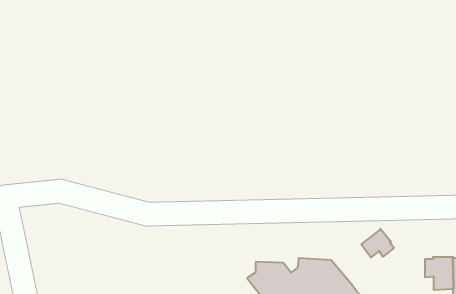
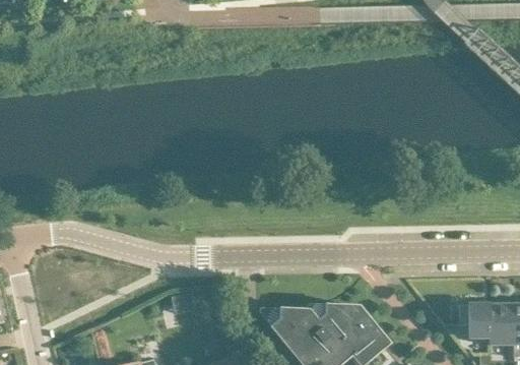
building: [361,229,394,258] -> none

